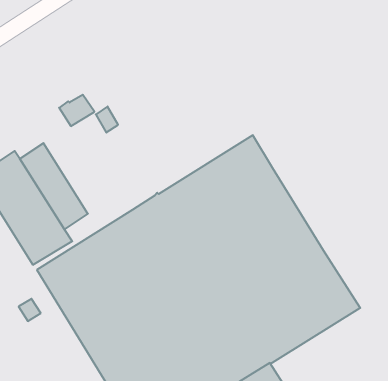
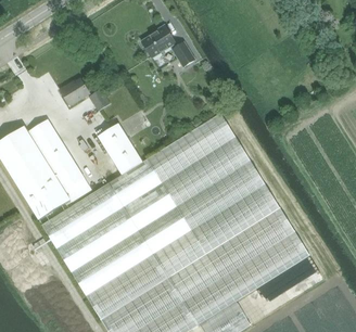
building: none -> [141,25,195,67]
building: none -> [98,124,142,175]

